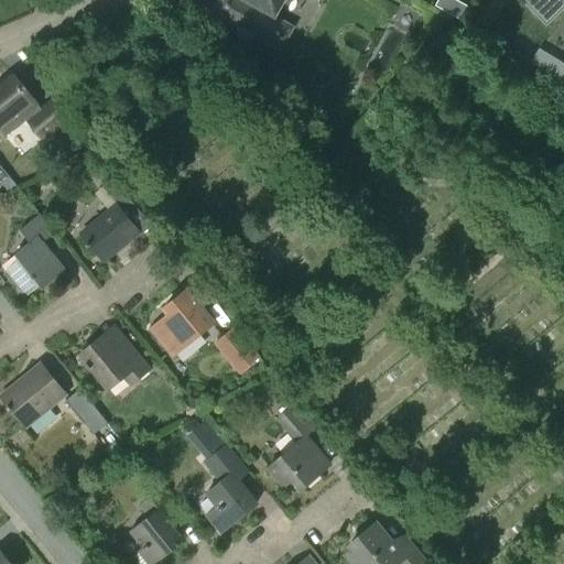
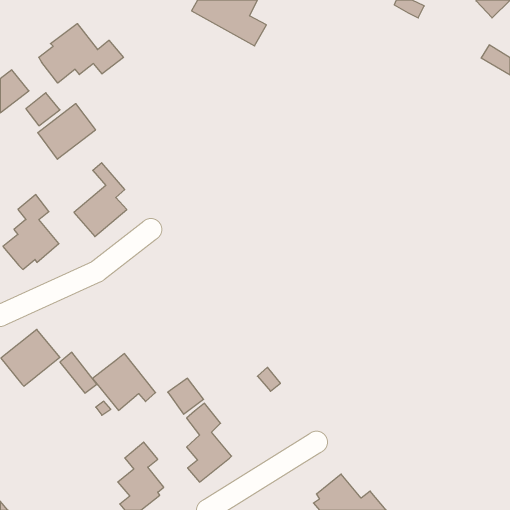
building: none -> [39,24,123,83]
building: none -> [38,104,95,159]
building: [151,290,214,356] -> none
building: [79,326,149,389] -> [93,354,156,410]
building: [214,326,261,375] -> none
building: [269,436,329,489] -> none

